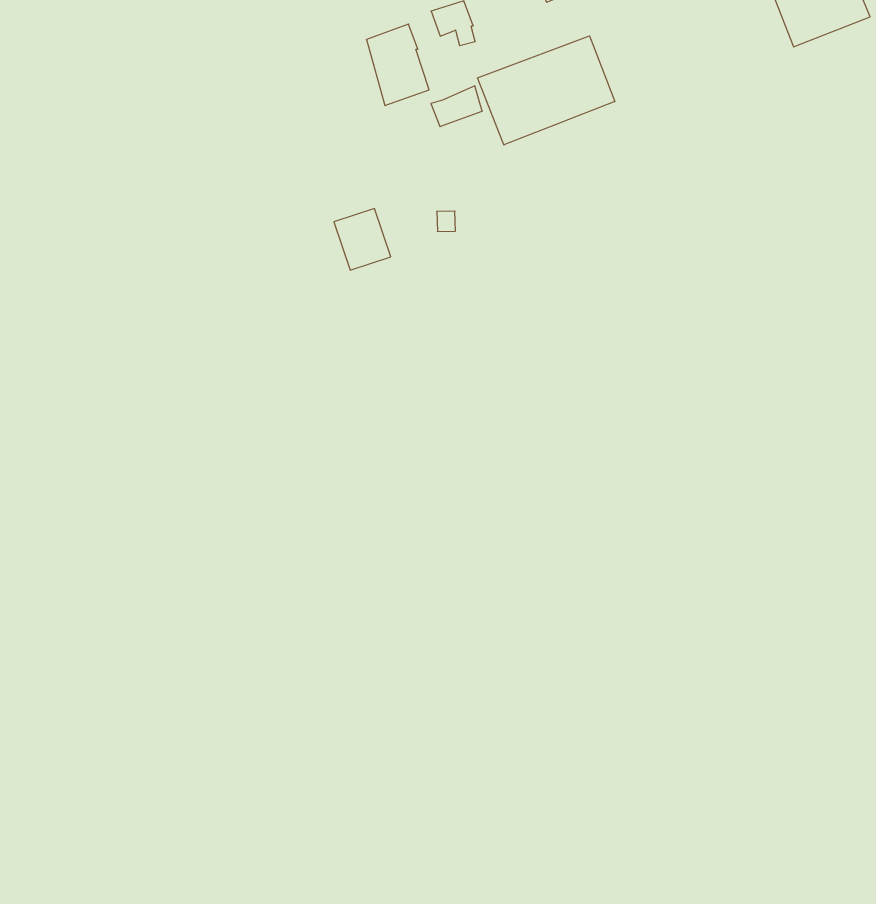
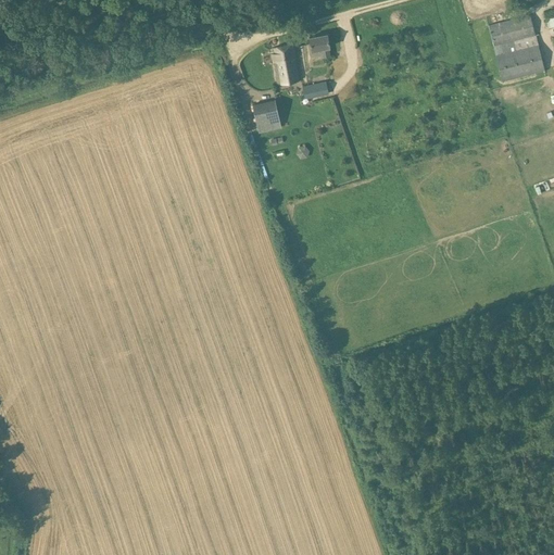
building: [478,36,615,145] -> none
building: [334,209,391,270] -> [252,101,280,133]

